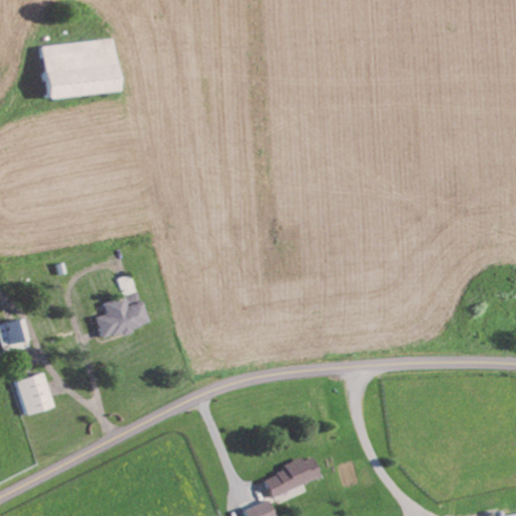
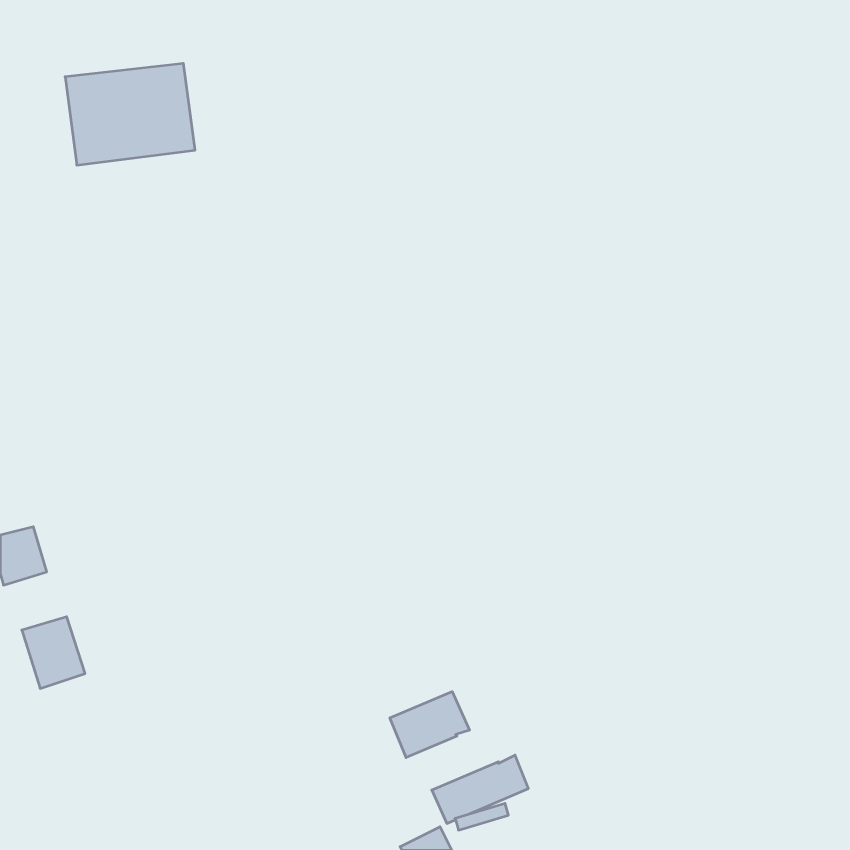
building: [94,274,148,340] -> none
building: none -> [390,692,469,758]

